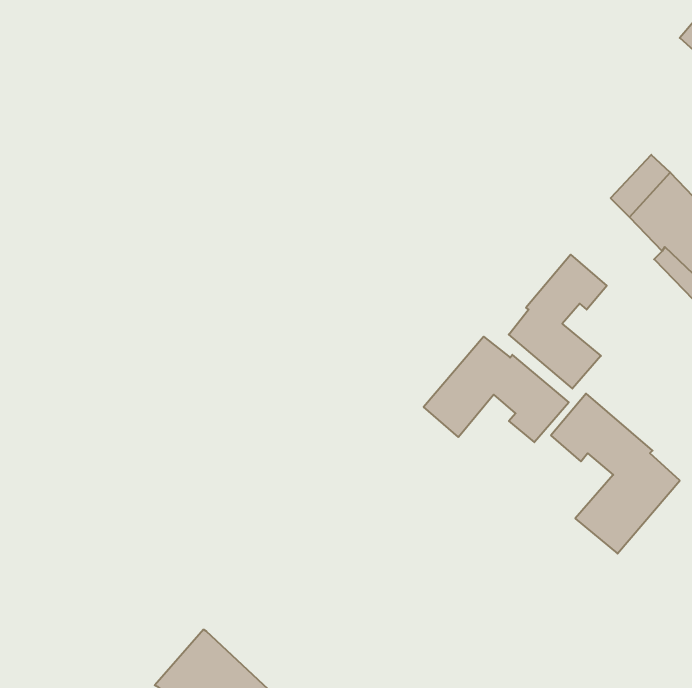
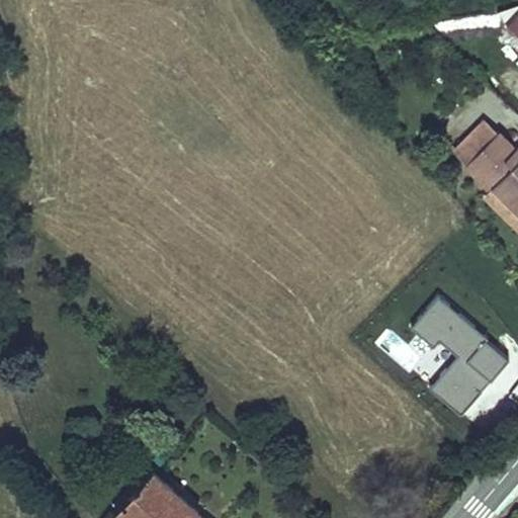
building: [509,255,607,389] -> none
building: [424,337,569,442] -> none

